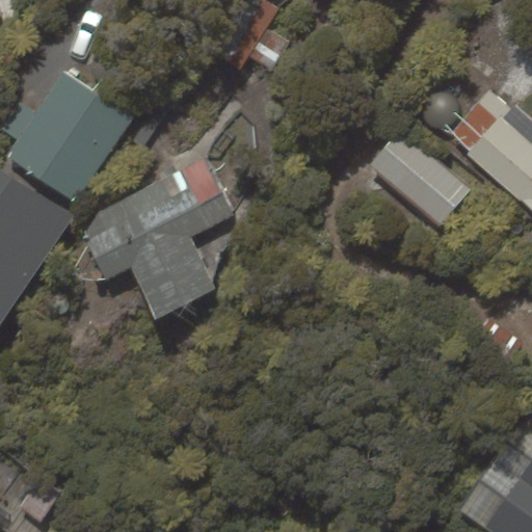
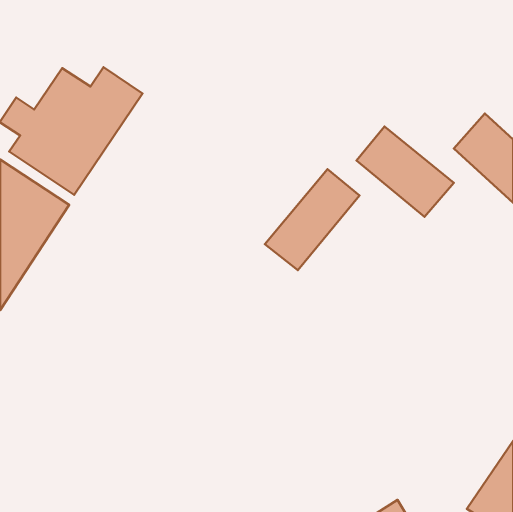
building: [83,160,233,320] -> none
building: none -> [265,169,359,270]

